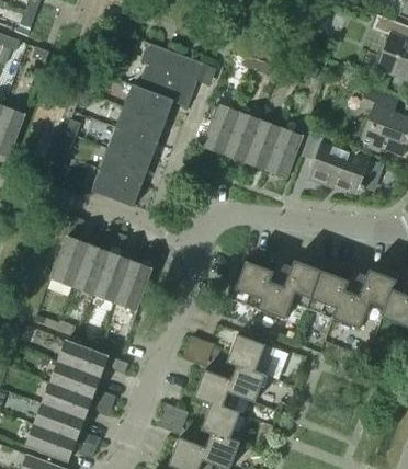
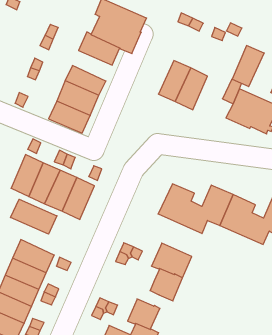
building: [201,104,239,153] -> none
building: [116,106,165,141] -> none
building: [265,128,303,178] -> [232,46,264,87]
building: none -> [11,199,57,234]
building: [193,369,237,410] -> none

